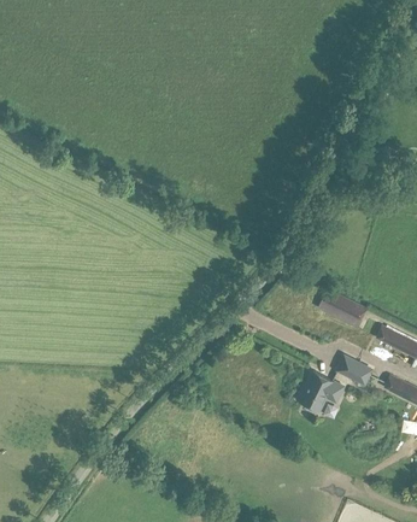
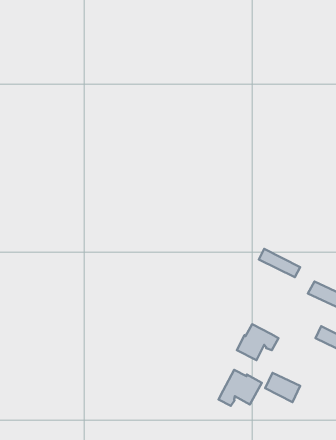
building: [335,353,374,386] -> [265,373,300,402]
building: none -> [219,370,262,406]

